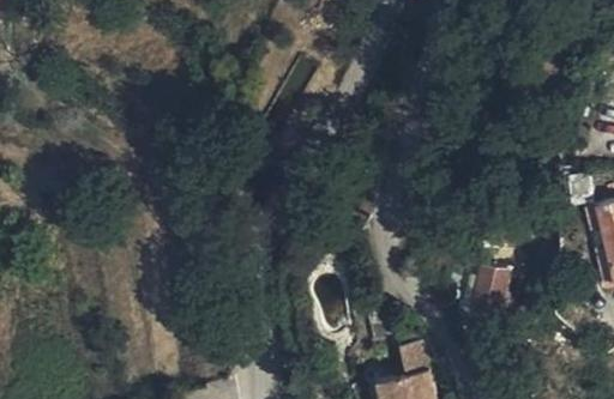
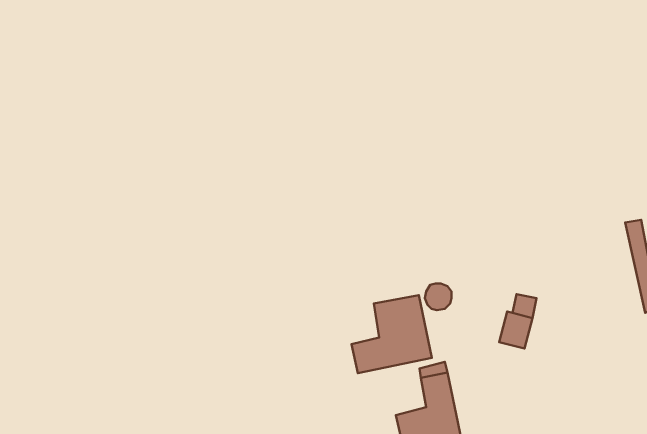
building: none -> [352,295,432,373]

